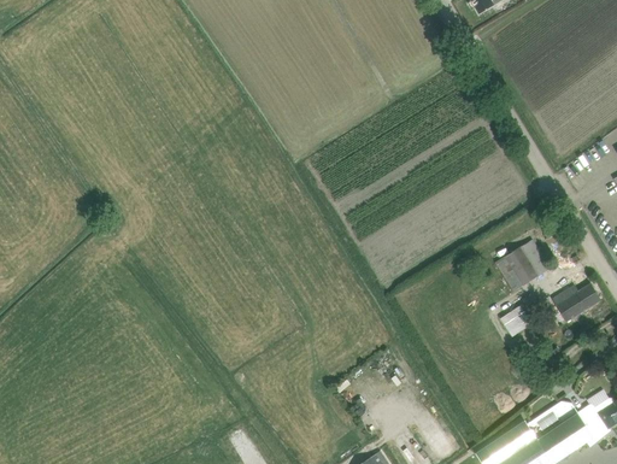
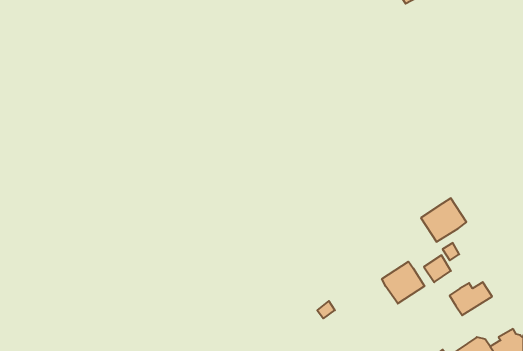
building: [551,283,600,322] -> [450,282,492,315]
building: none -> [382,262,424,304]

